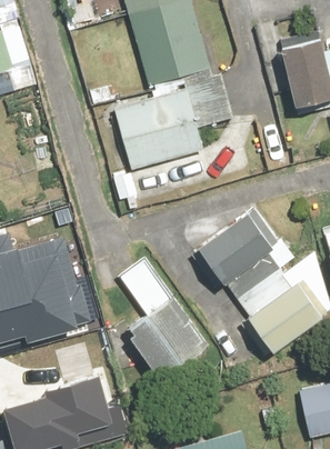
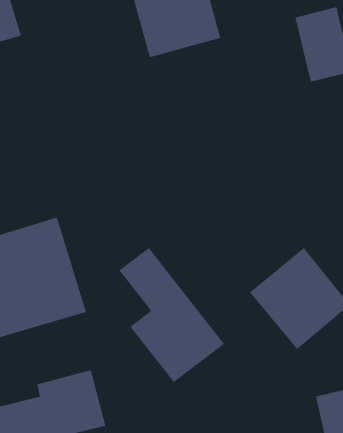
building: [116,81,234,171] -> none
building: [204,210,281,282] -> none

